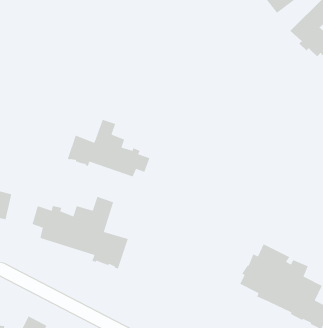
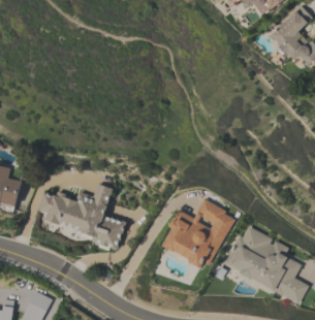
building: [67,119,150,178] -> none
building: none -> [162,198,234,268]

